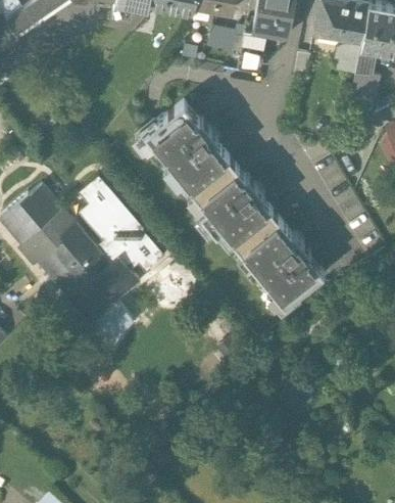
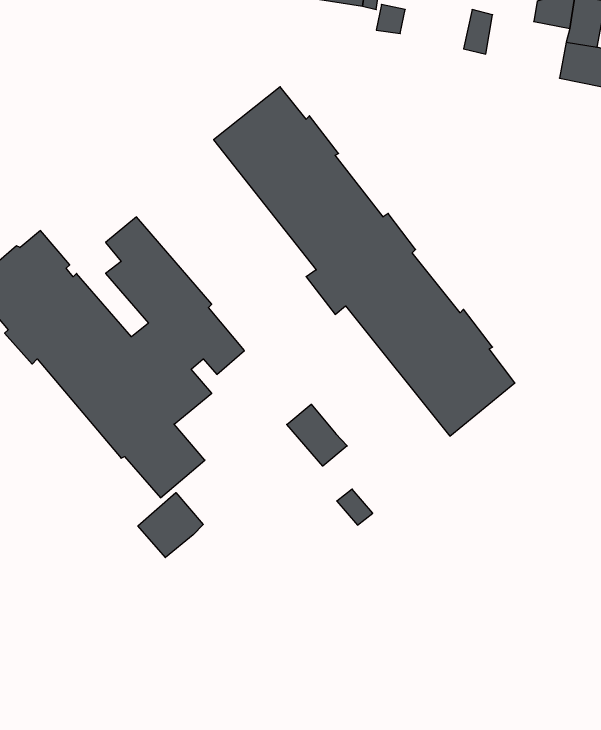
building: none -> [287,404,347,466]
building: none -> [138,493,203,558]

